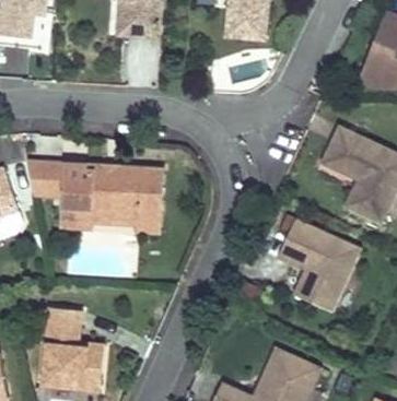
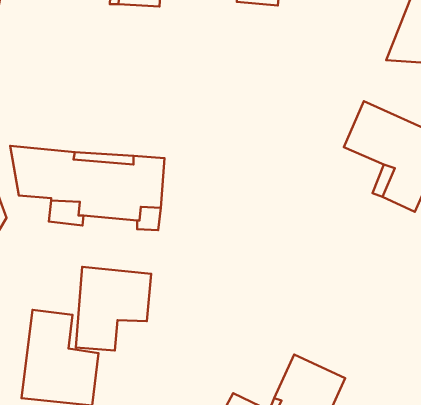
building: [278,219,361,311] -> none
building: none -> [76,267,151,351]

